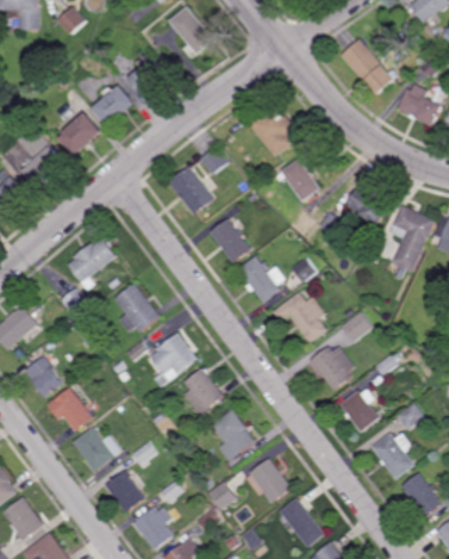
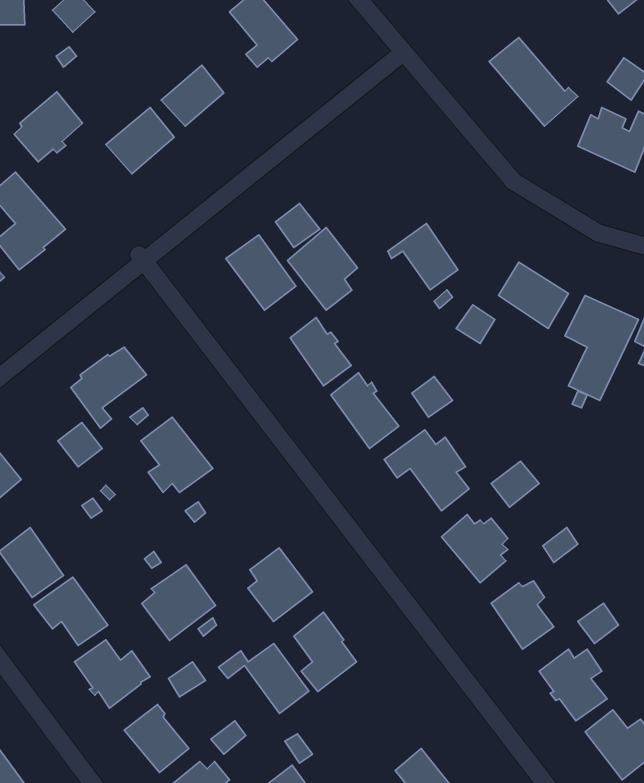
building: [249,101,294,155] -> [287,227,357,310]
building: [58,108,102,154] -> [14,92,83,162]
building: [150,331,198,380] -> [142,565,216,640]
building: [232,458,291,503] -> [219,643,309,713]

